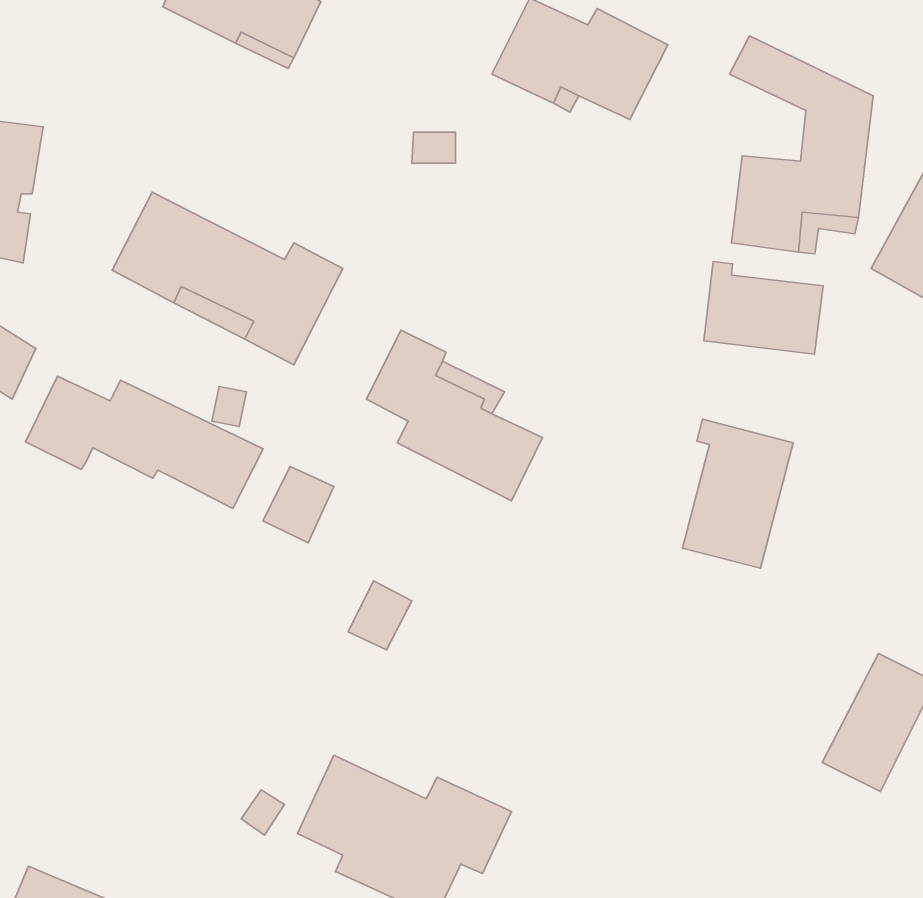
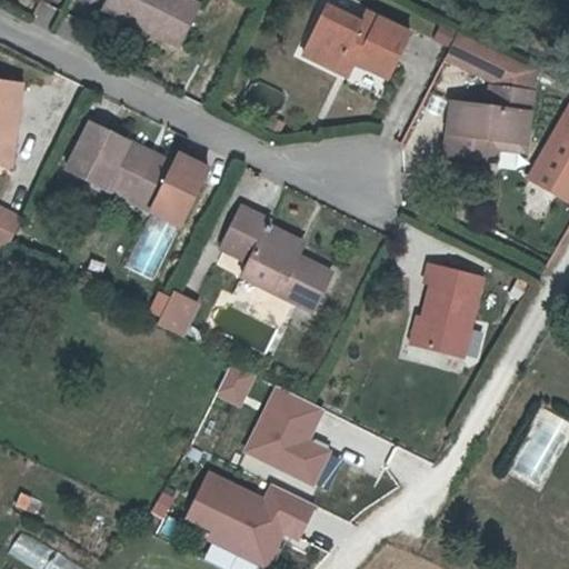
building: [704,261,823,354] -> none
building: [25,376,263,508] -> none
building: none -> [241,383,330,483]

